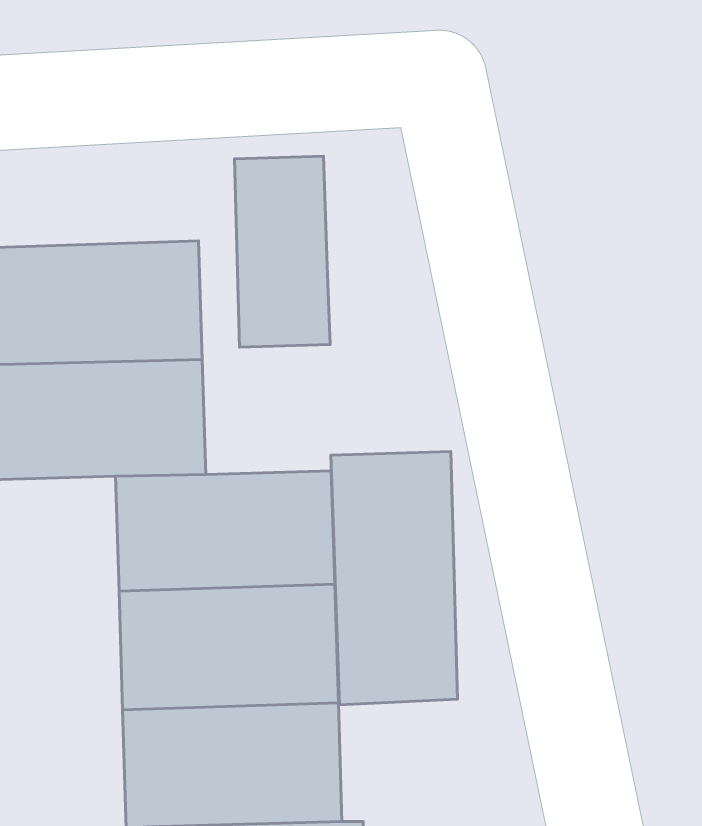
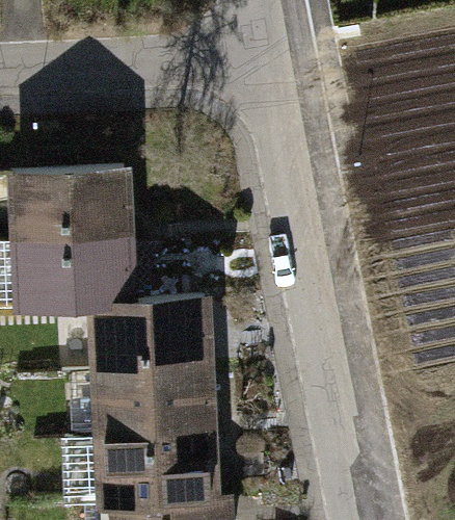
building: [234,156,330,347] -> none
building: [331,452,458,705] -> none

